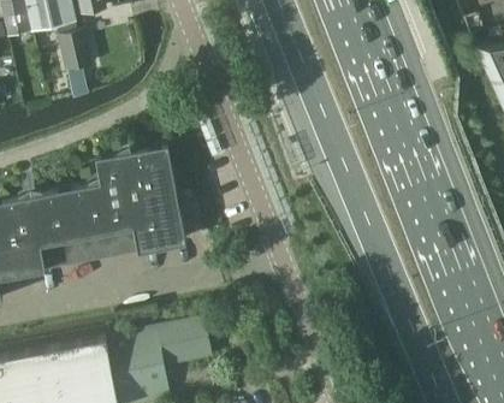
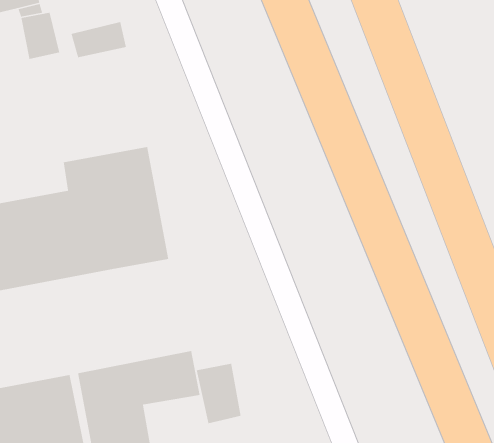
building: none -> [71,21,127,58]
building: none -> [196,363,241,424]

